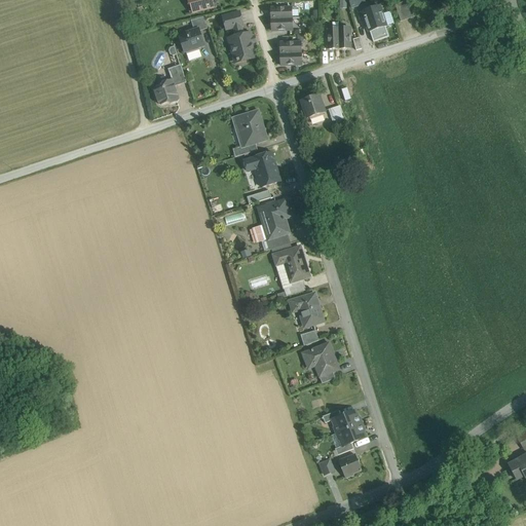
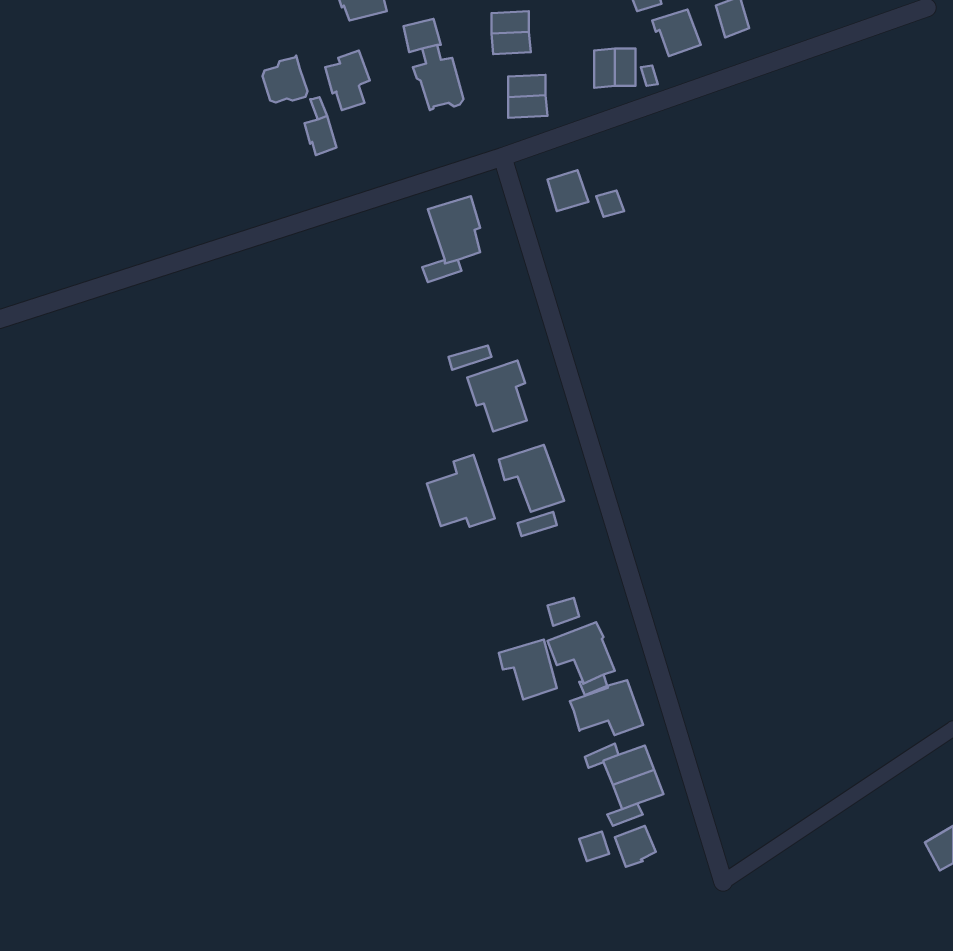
building: [153,78,178,104] -> [263,56,307,102]
building: [245,151,279,185] -> none
building: none -> [427,455,495,527]
building: [291,293,323,326] -> [499,640,557,699]
building: none -> [570,680,643,735]

